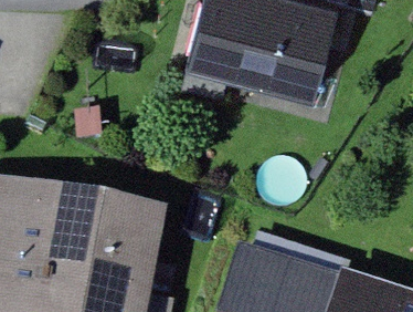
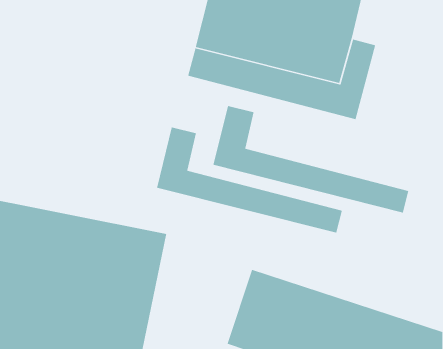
building: none -> [213,105,409,213]
building: none -> [156,126,343,234]

